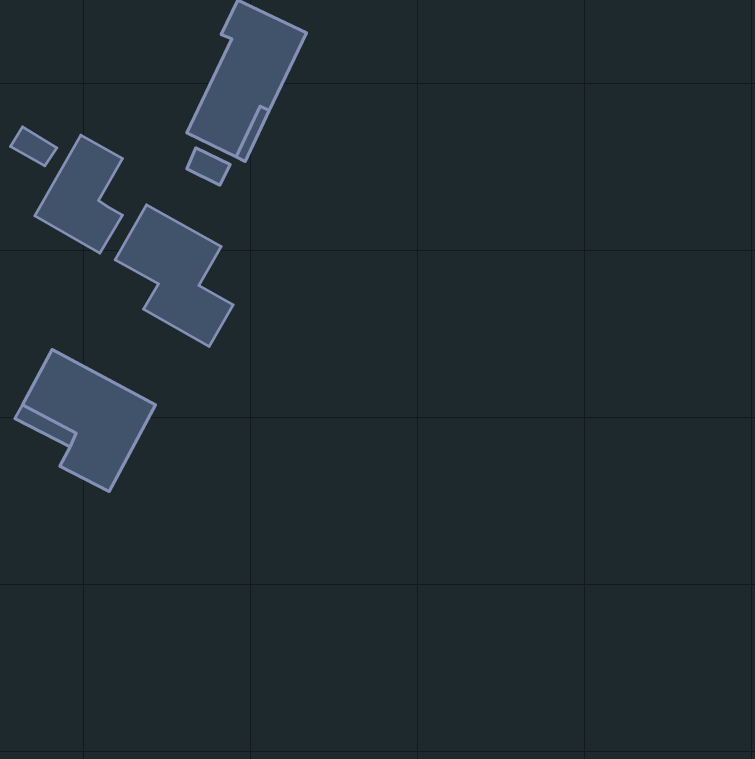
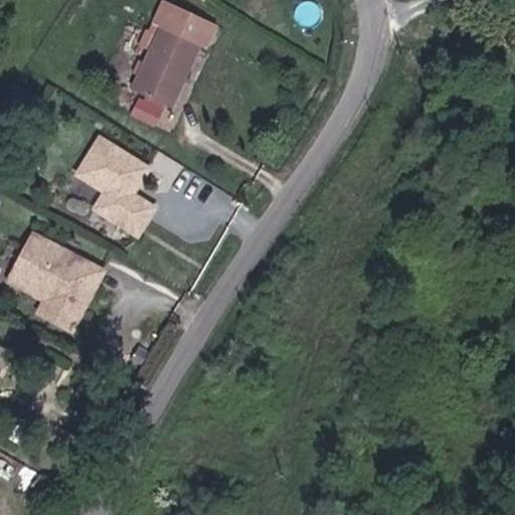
building: [35,135,123,253] -> none

